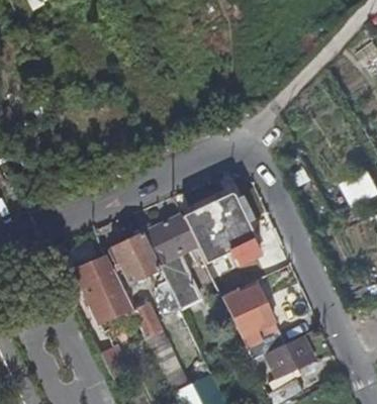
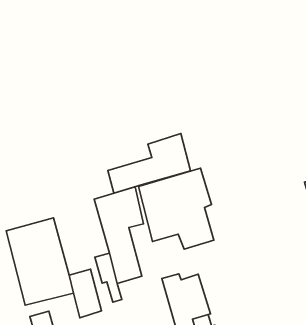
building: none -> [108,133,191,193]
building: [115,234,160,283] -> none

